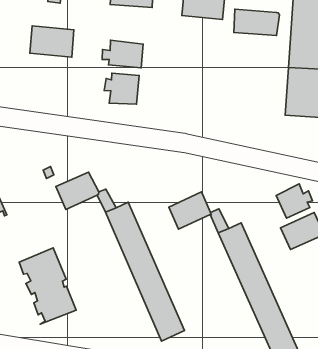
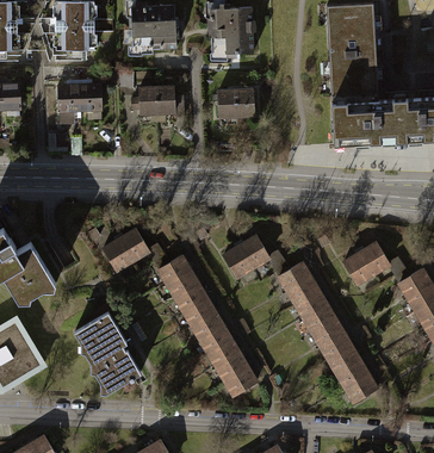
building: [234,9,280,35] -> none
building: none -> [221,91,258,117]
building: [104,73,139,104] -> none
building: [276,184,312,218] -> none

